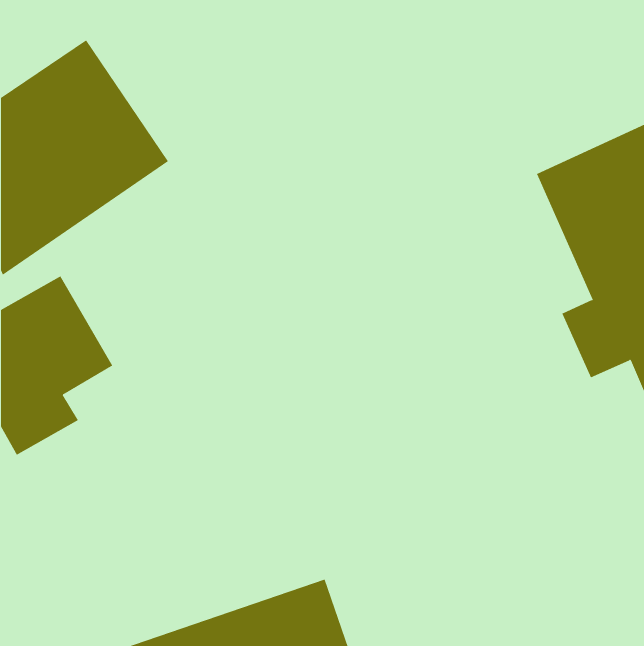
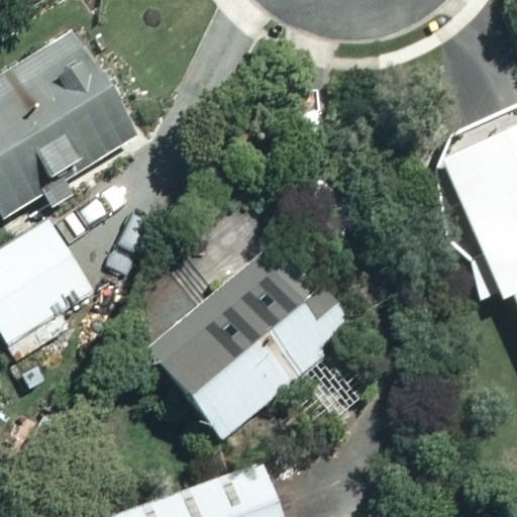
building: none -> [145,240,350,437]

